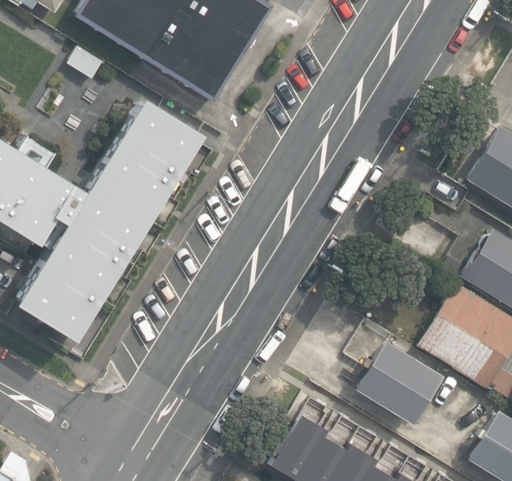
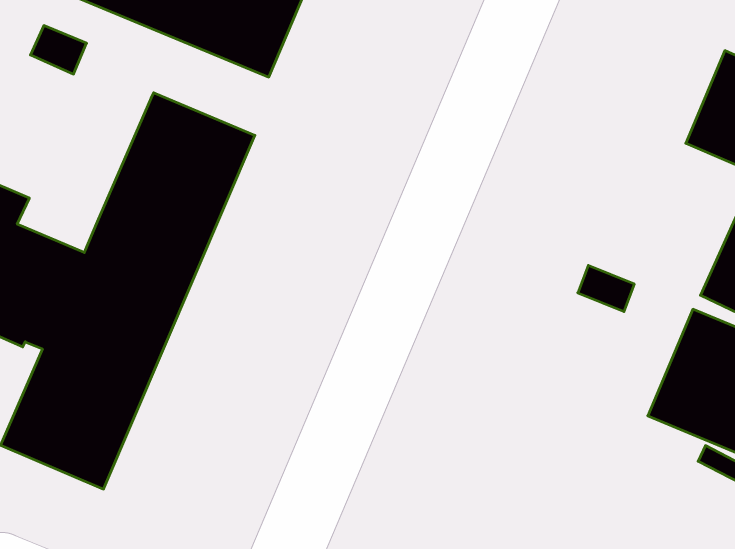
building: [356,340,443,424] -> none

